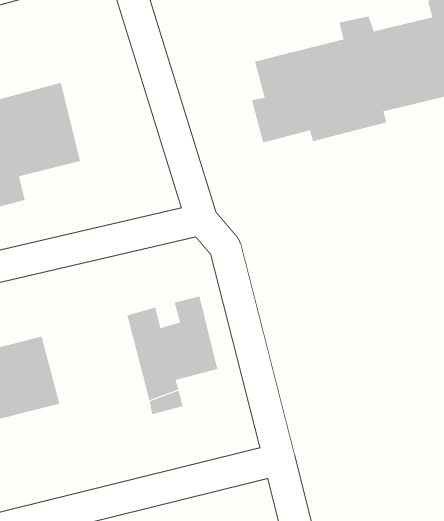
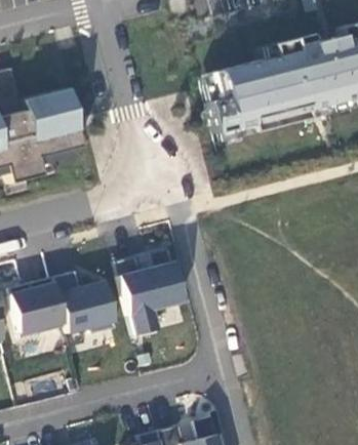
building: none -> [53,269,116,331]

